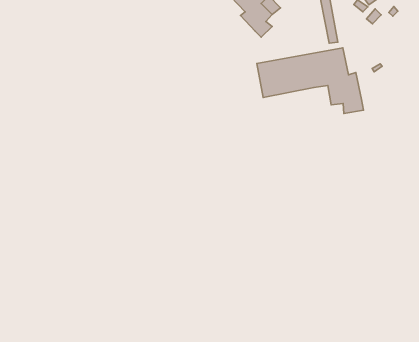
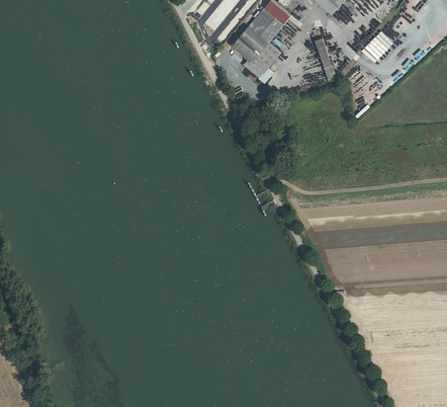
building: [257,48,363,114] -> none

